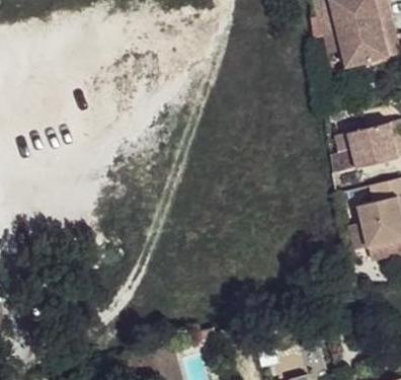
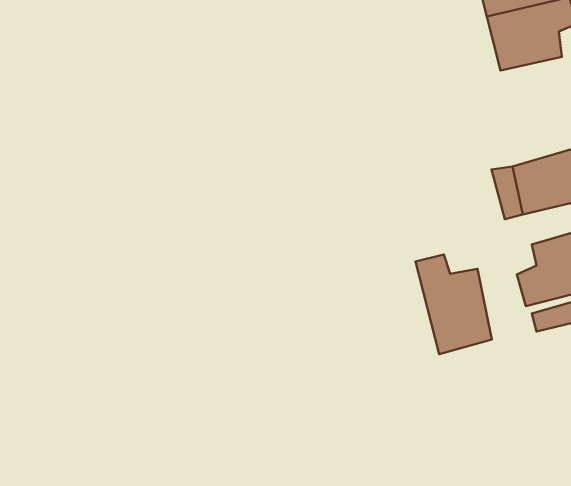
building: none -> [416,254,492,354]

